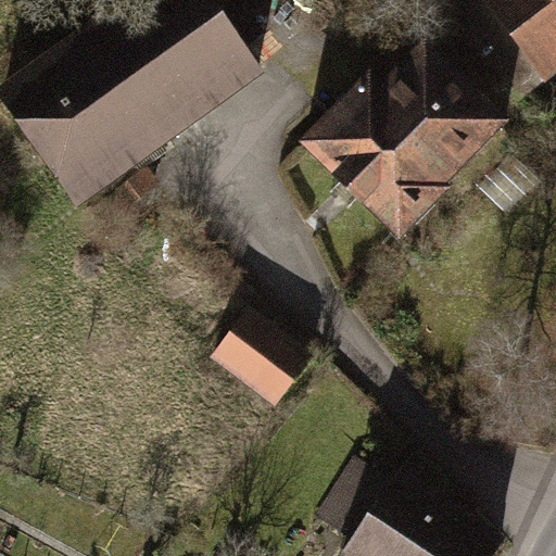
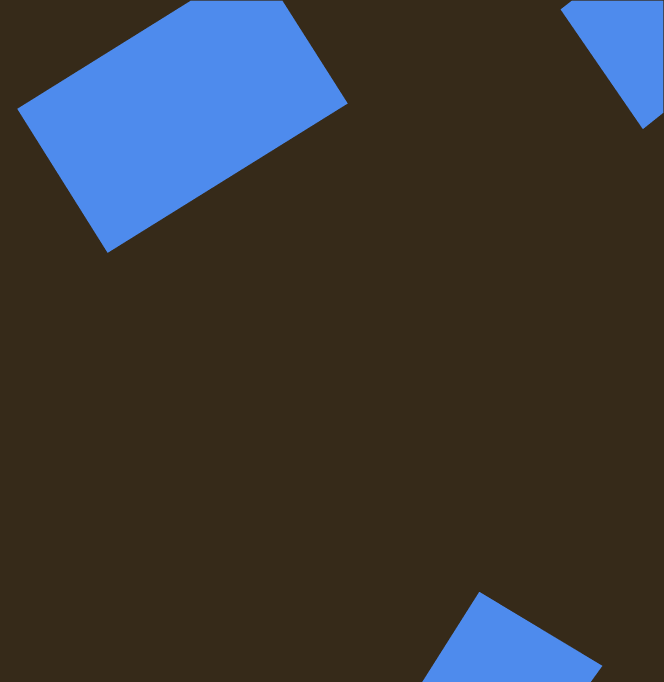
building: [323,37,532,245] -> none
building: [199,307,303,408] -> none

